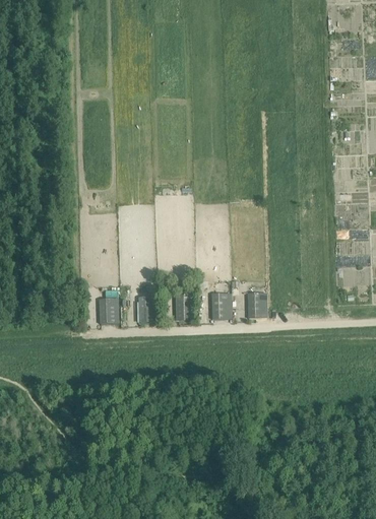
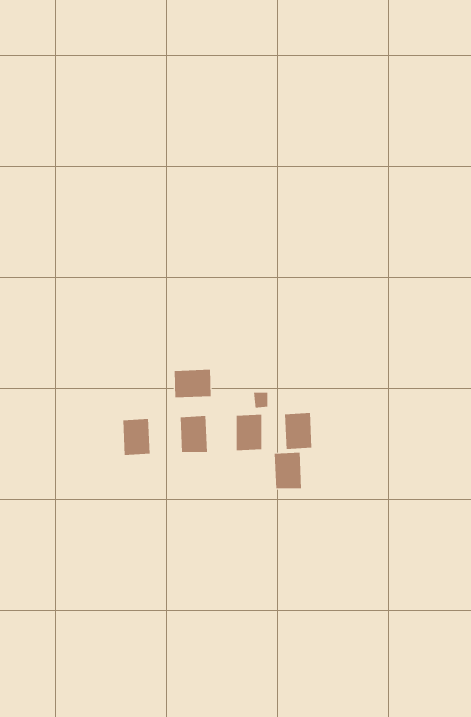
building: none -> [174,369,211,398]
building: [246,293,265,318] -> [274,452,302,489]

